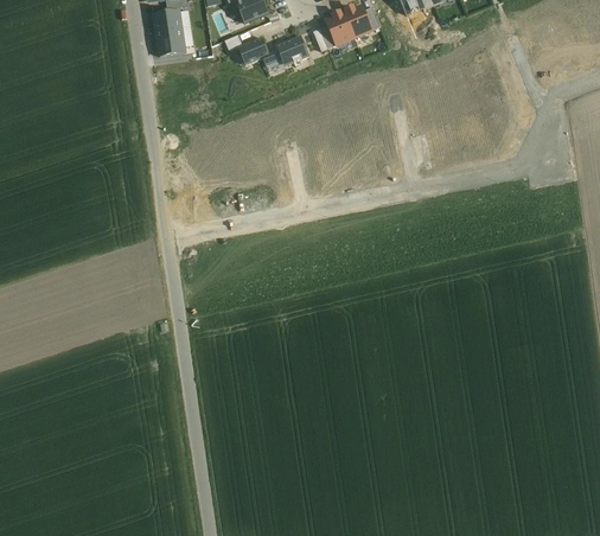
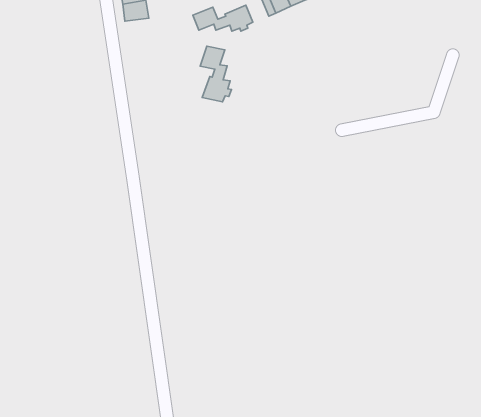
building: none -> [200,46,231,102]

